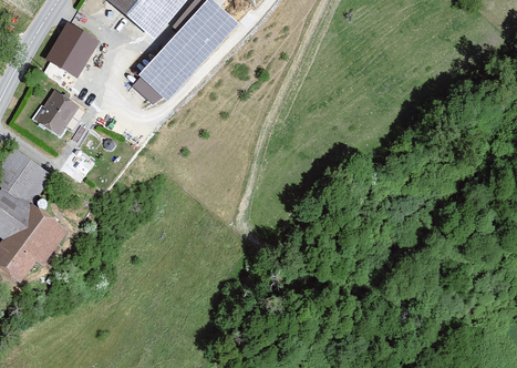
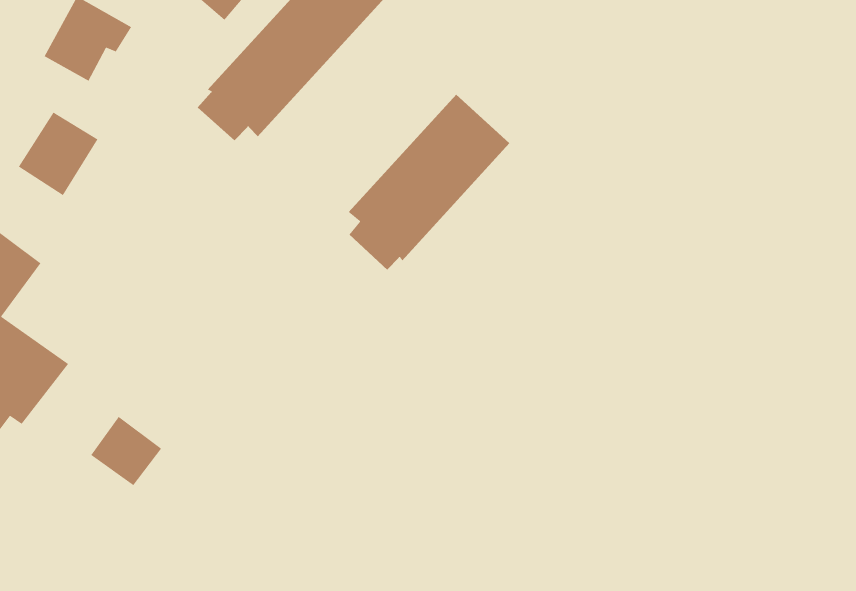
building: none -> [348,94,510,270]
building: none -> [90,416,162,486]

